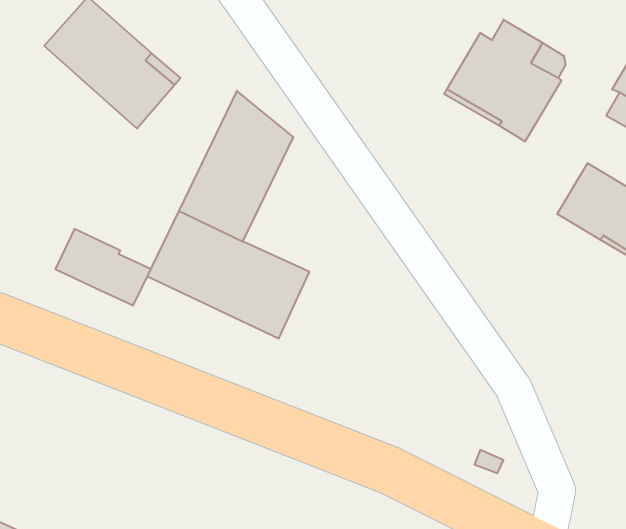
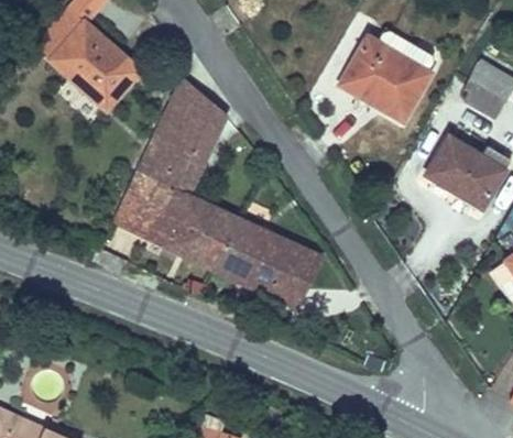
building: [56,229,151,306] -> none
building: none -> [215,218,318,306]

